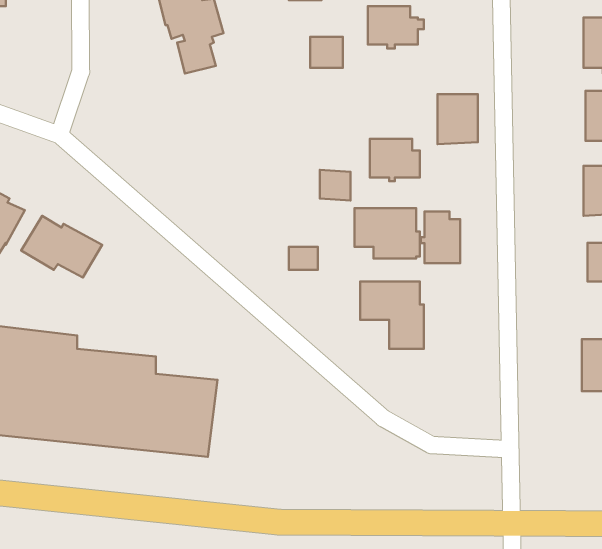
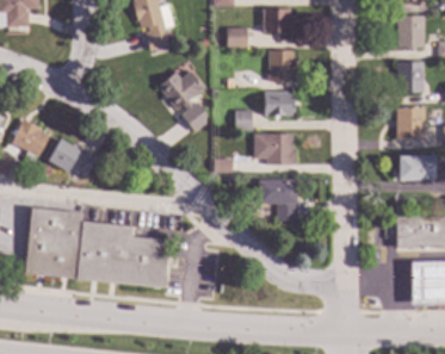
building: [437,94,478,144] -> [270,50,295,81]
building: none -> [159,70,205,126]
building: [421,211,460,263] -> none

